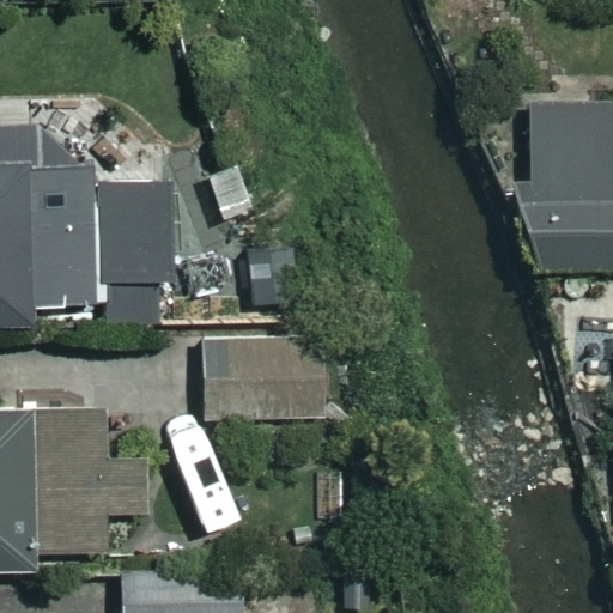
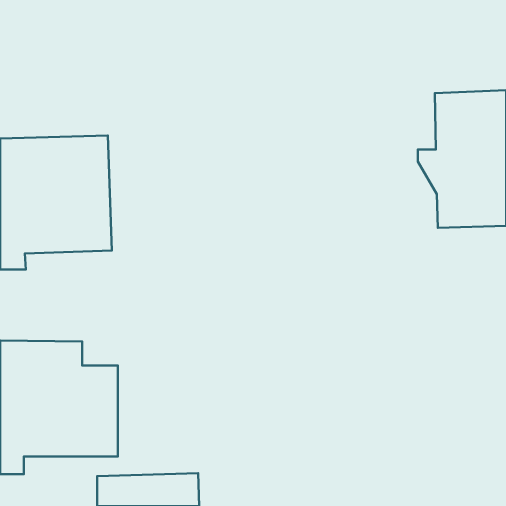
building: [200,329,323,421] -> none

